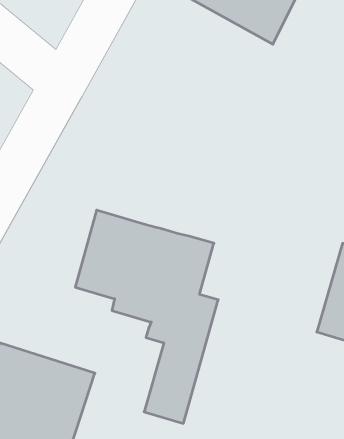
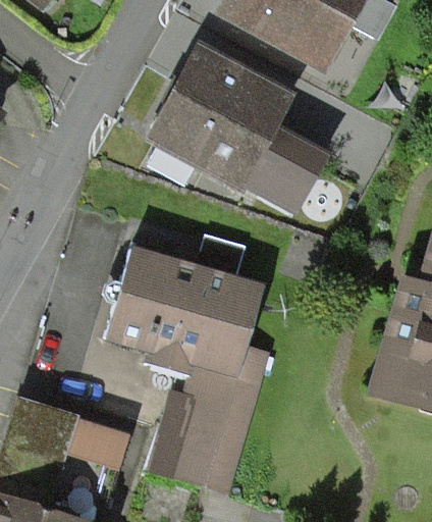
building: none -> [161,58,314,202]

